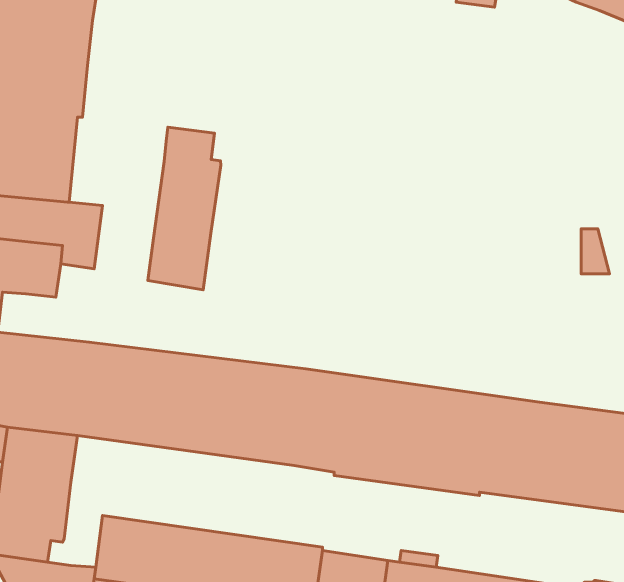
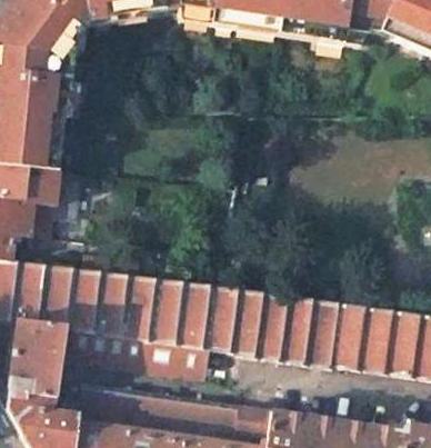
building: [148,127,221,290] -> none
building: none -> [61,330,210,381]

